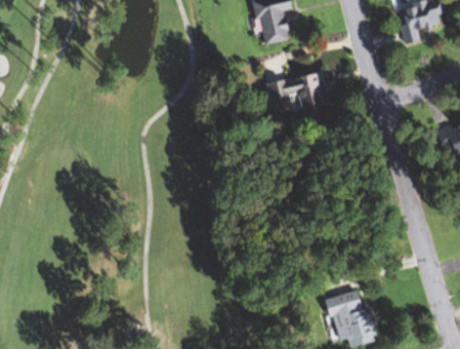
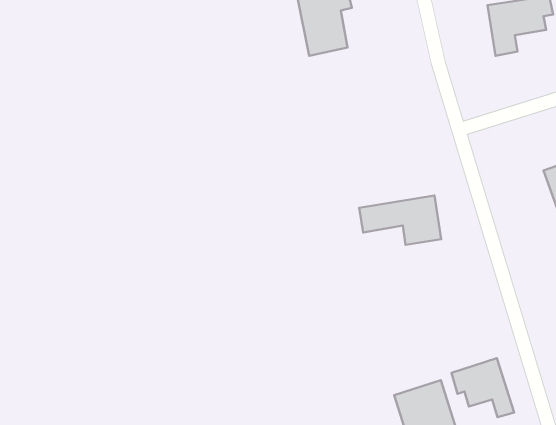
building: [266,73,328,110] -> [359,195,441,245]
building: none -> [452,358,514,417]

